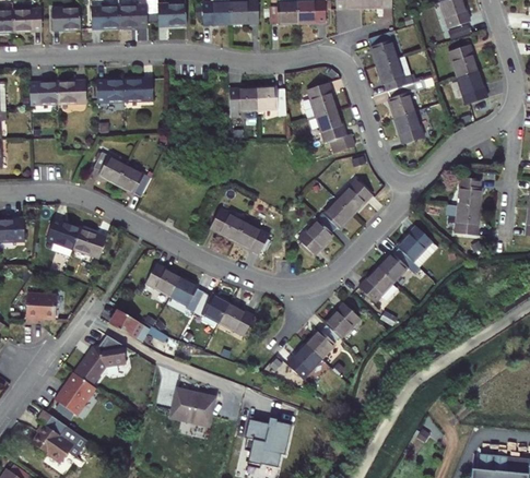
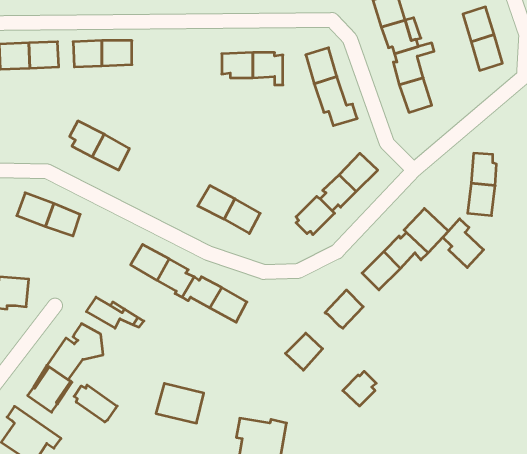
building: none -> [443,219,484,268]
building: [307,326,338,358] -> [343,371,376,406]
building: none -> [74,385,117,422]

